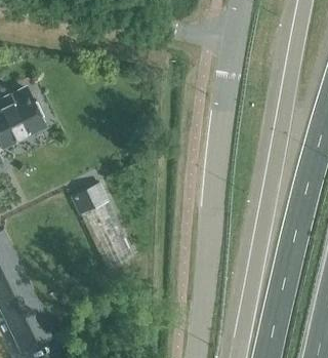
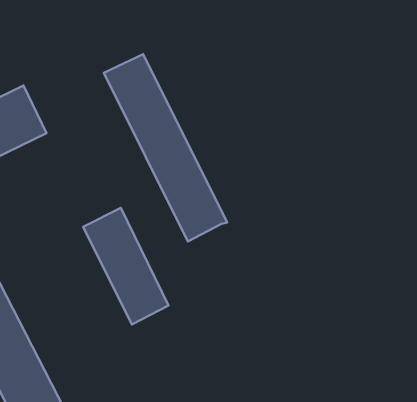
building: none -> [104,54,227,241]

